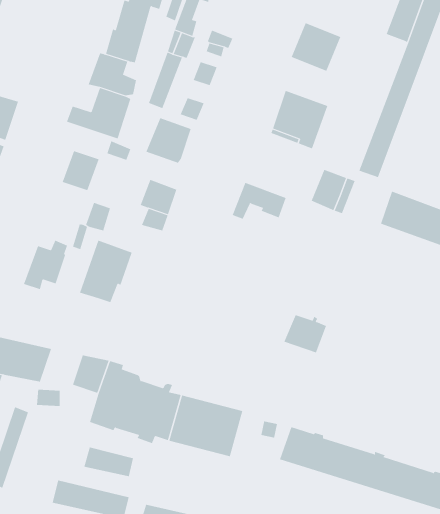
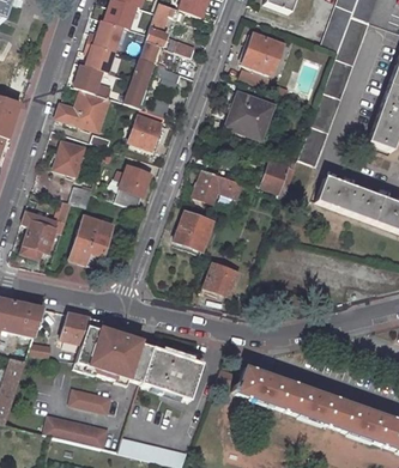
building: none -> [174,211,212,250]
building: [284,314,327,353] -> [204,263,240,296]

